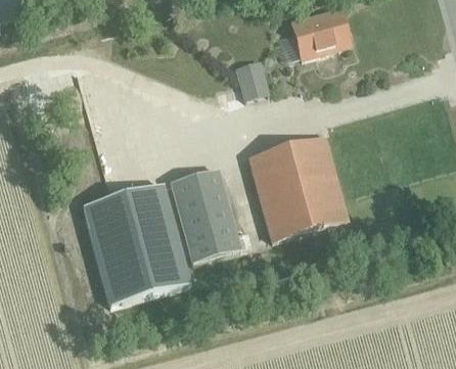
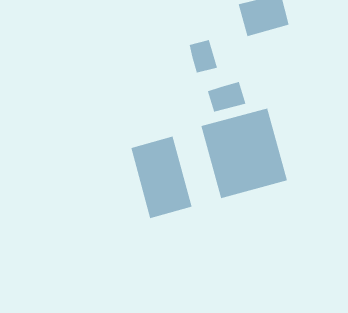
building: none -> [207,81,246,113]
building: [82,183,190,304] -> none

